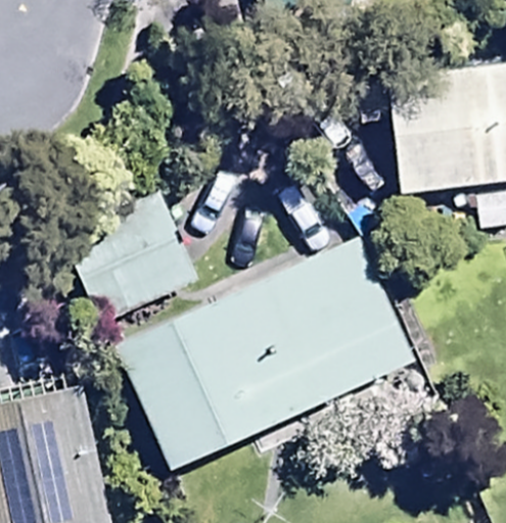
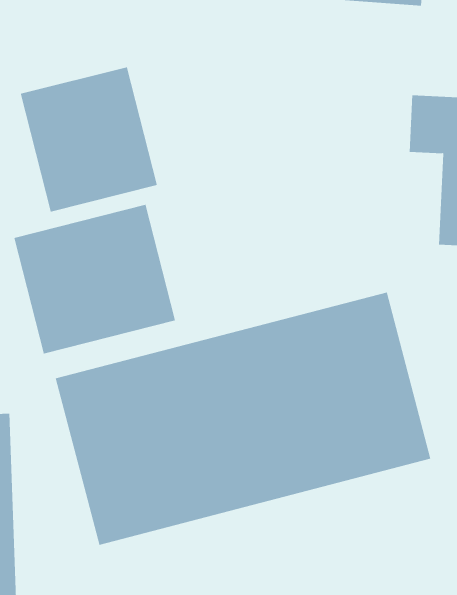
building: none -> [20,66,157,213]

